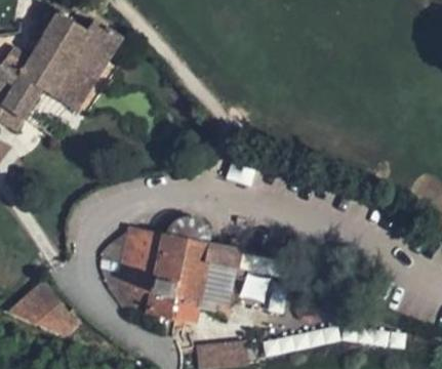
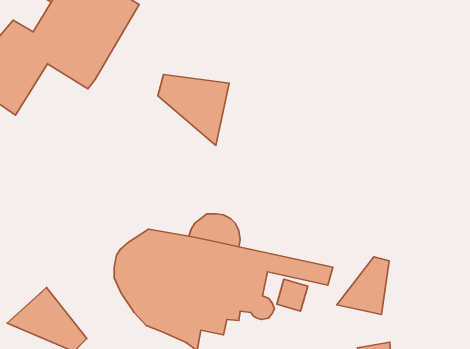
building: none -> [158,74,229,145]
building: none -> [337,257,389,315]

